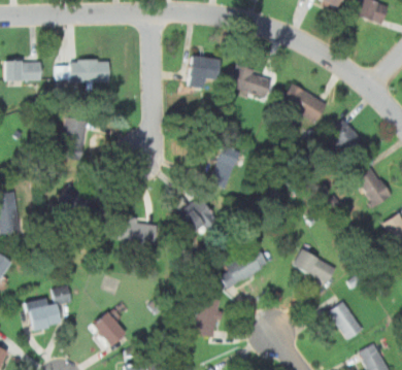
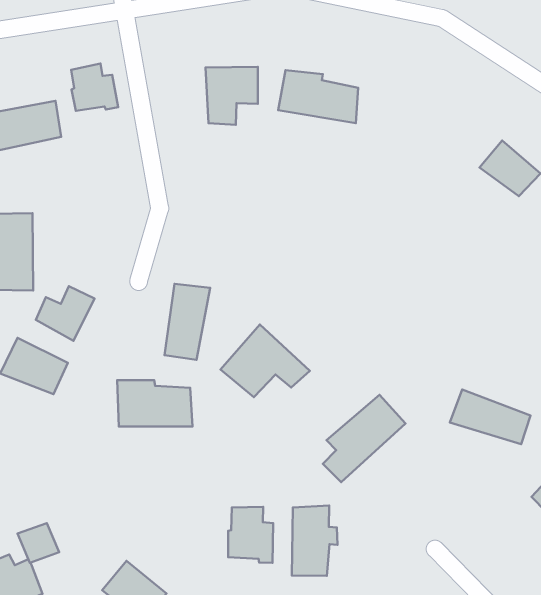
building: none -> [71,64,118,111]
building: [281,85,327,123] -> none
building: [209,146,239,189] -> [165,284,210,360]
building: none -> [36,286,94,341]
building: none -> [228,507,273,563]

